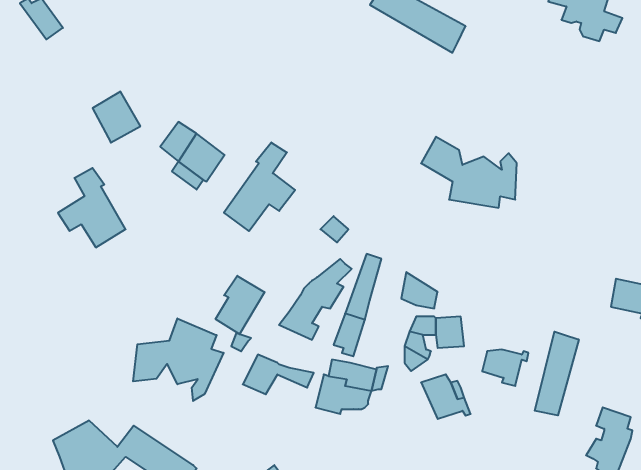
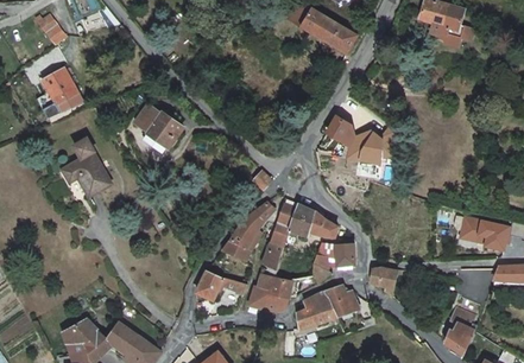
building: [93,92,140,143] -> [42,68,76,104]
building: [224,142,295,231] -> none
building: none -> [288,203,314,238]
building: [216,276,265,334] -> none
building: [133,318,224,401] -> none
building: [535,332,579,415] -> none
building: none -> [296,292,336,331]

